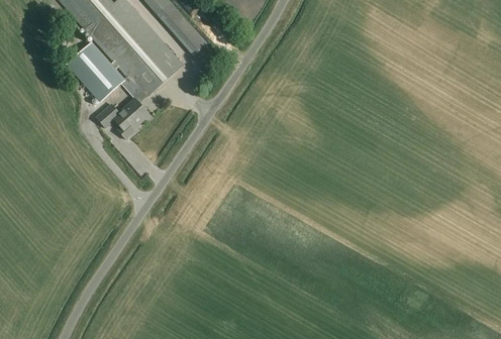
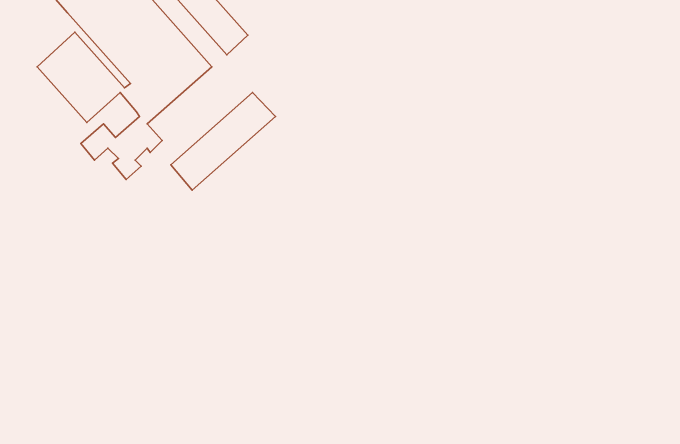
building: none -> [171,93,275,190]

